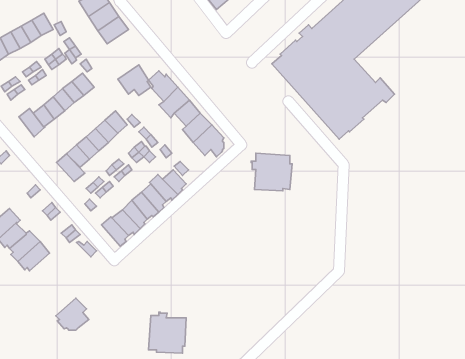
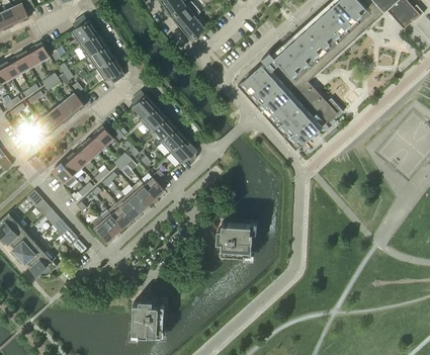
building: [118,65,151,96] -> [95,57,123,83]
building: [251,153,292,191] -> [217,223,252,255]
building: [56,298,89,330] -> [28,249,57,276]

